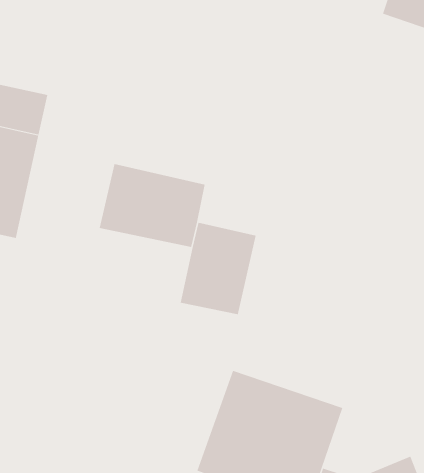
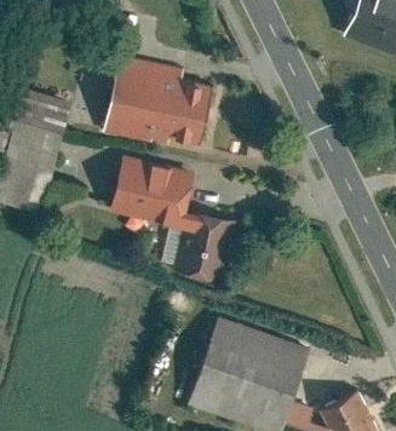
building: none -> [102,52,208,143]

